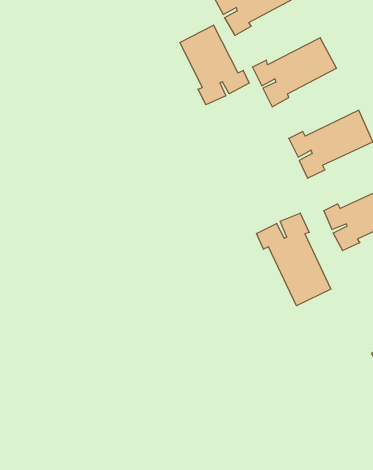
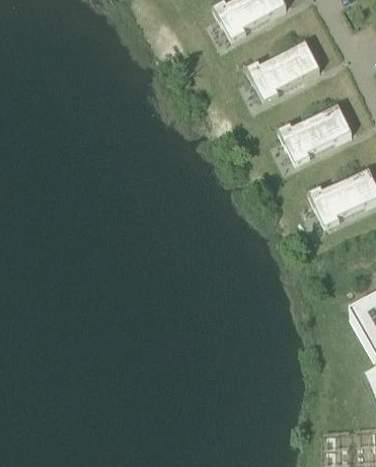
building: [180,25,249,105] -> none
building: [257,213,331,306] -> none

